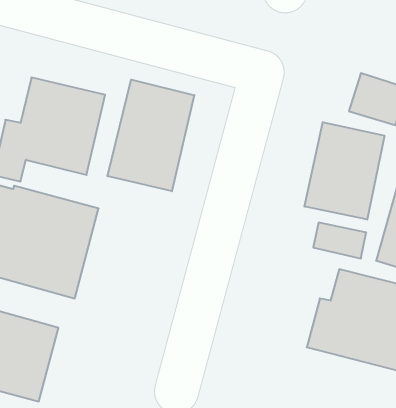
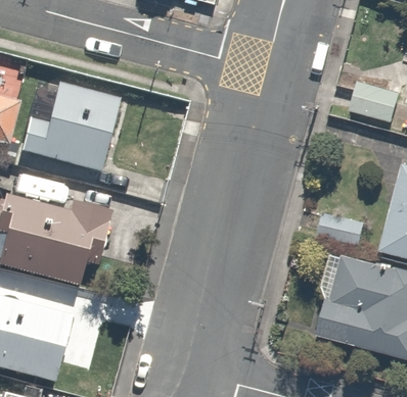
building: [108,80,194,191] -> none
building: [304,122,384,220] -> none

